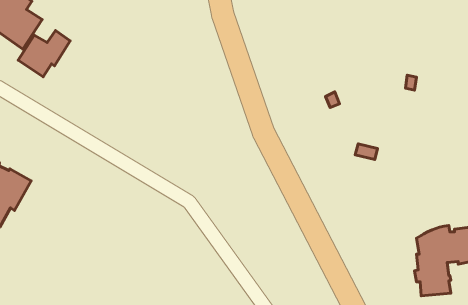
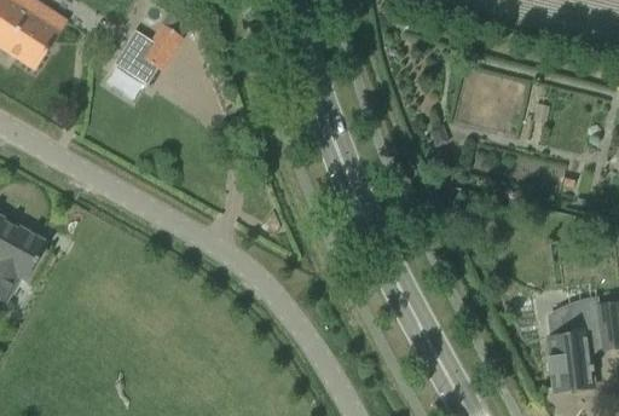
building: [18,30,70,77] -> [112,22,180,82]

